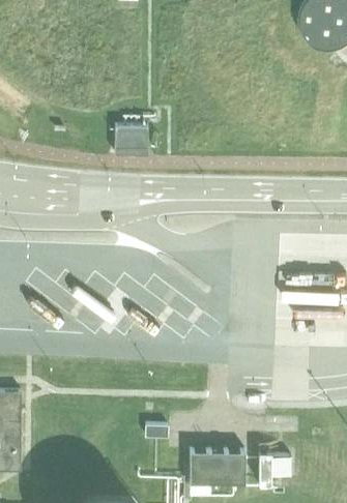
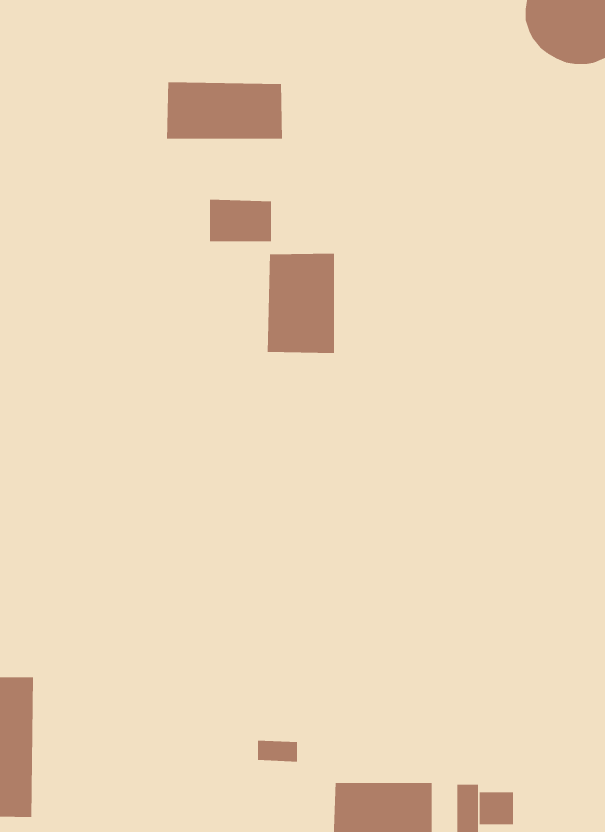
building: none -> [167,82,282,140]
building: none -> [267,253,334,354]

